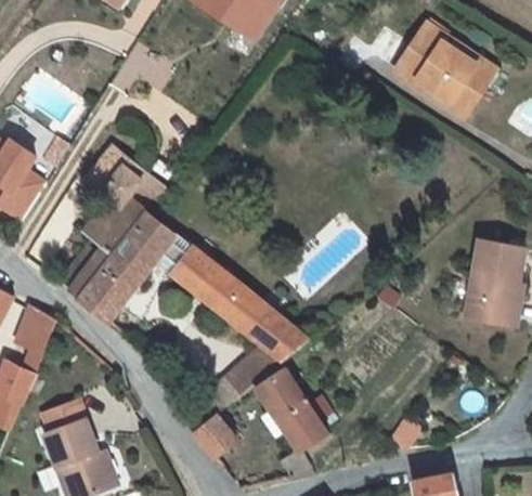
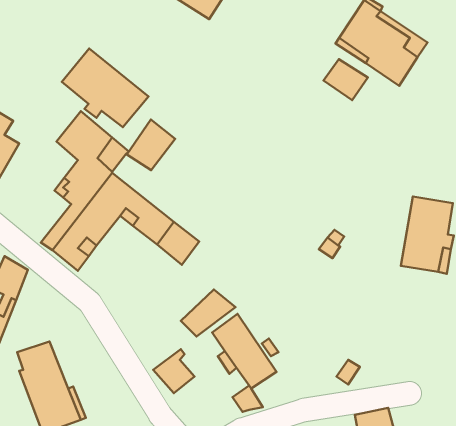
building: none -> [62,48,148,127]
building: none -> [324,59,368,100]
building: none -> [127,119,175,170]
building: [223,289,310,362] -> none

